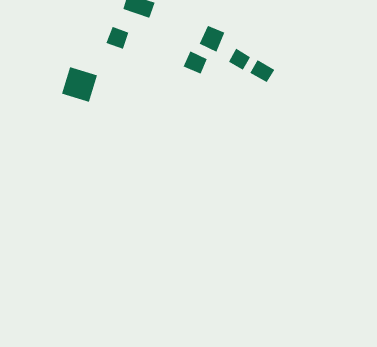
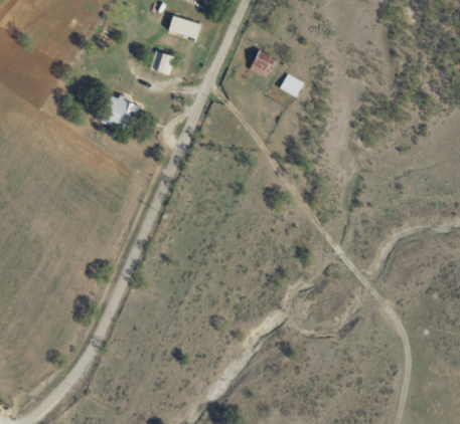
building: [183,51,208,75] -> none
building: [250,59,275,83] -> none

